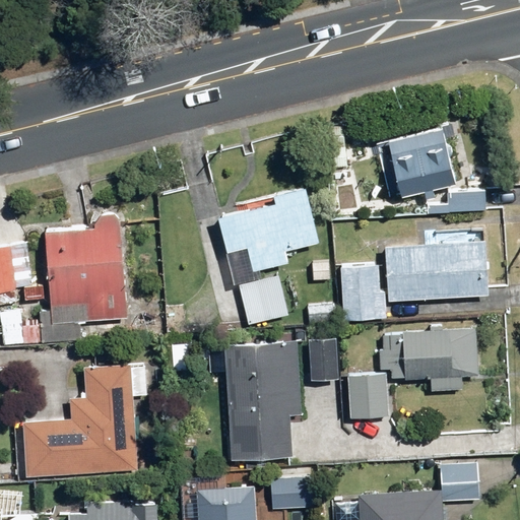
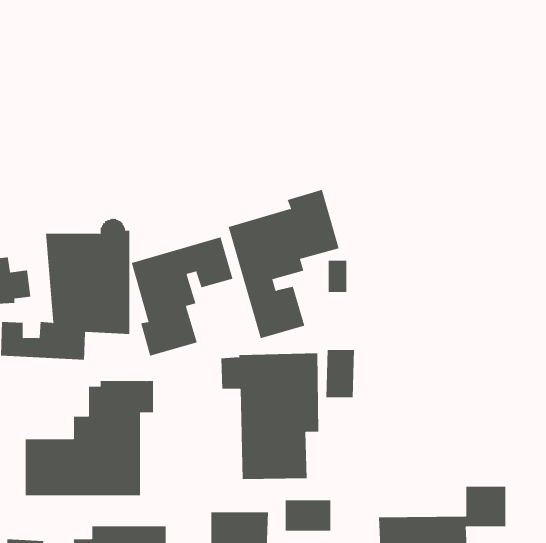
building: [385,128,456,196] -> none
building: none -> [131,237,233,356]
building: [340,243,484,321] -> none
building: [383,328,478,392] -> none
building: [348,374,386,418] -> none

